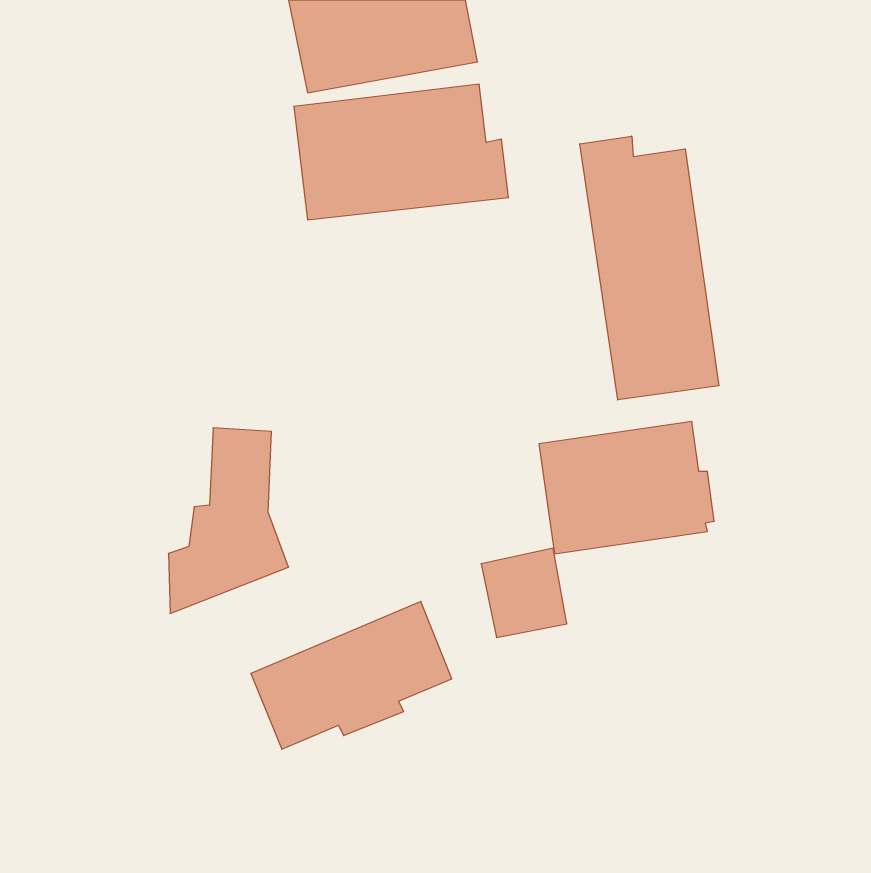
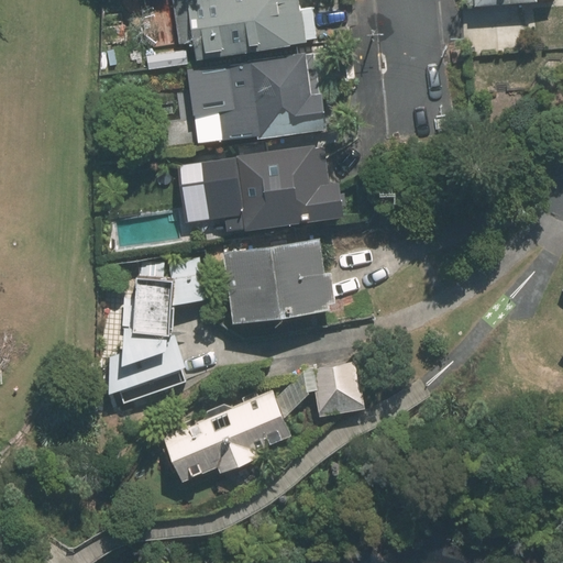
building: [580,136,719,400] -> none
building: none -> [177,144,344,234]
building: [539,422,714,554] -> [222,240,334,324]

